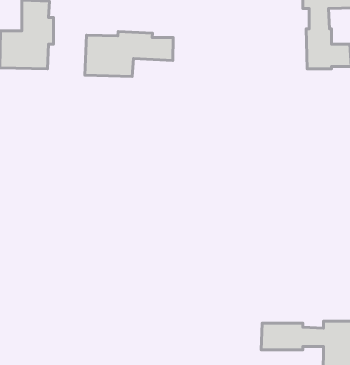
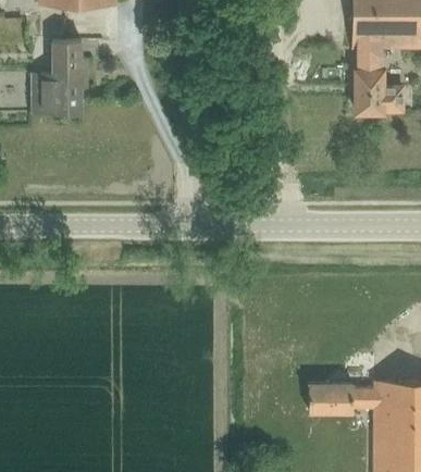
building: [85,32,173,76] -> none

